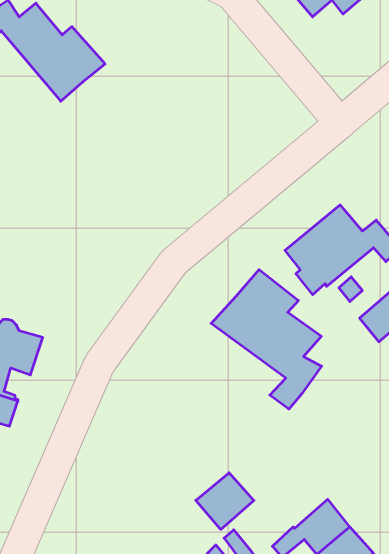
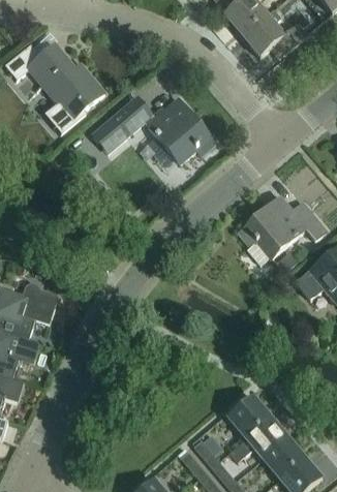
building: none -> [92,95,215,162]
building: [211,270,322,409] -> none
building: [196,473,254,529] -> [227,396,271,438]

